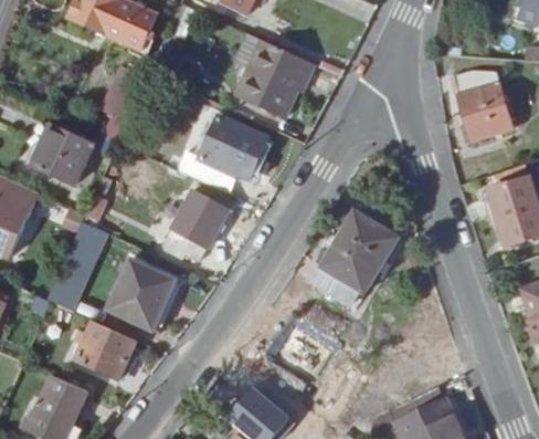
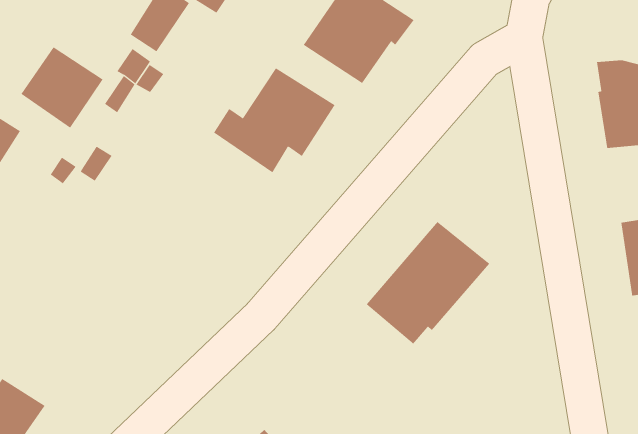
building: [161,190,229,266] -> none
building: [47,222,107,311] -> none
building: [108,261,175,330] -> none
building: [76,321,136,379] -> none

